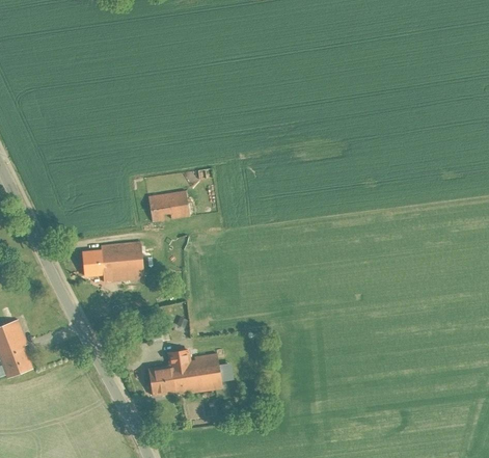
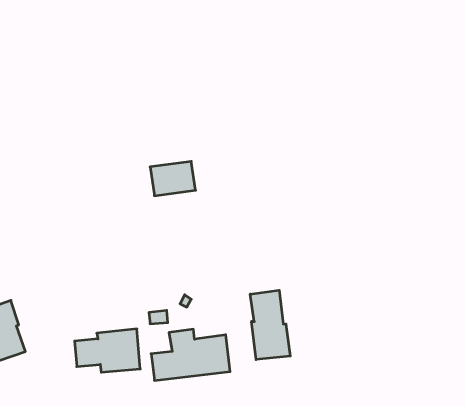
building: [82,241,143,281] -> [75,329,140,372]
building: none -> [250,290,290,360]

